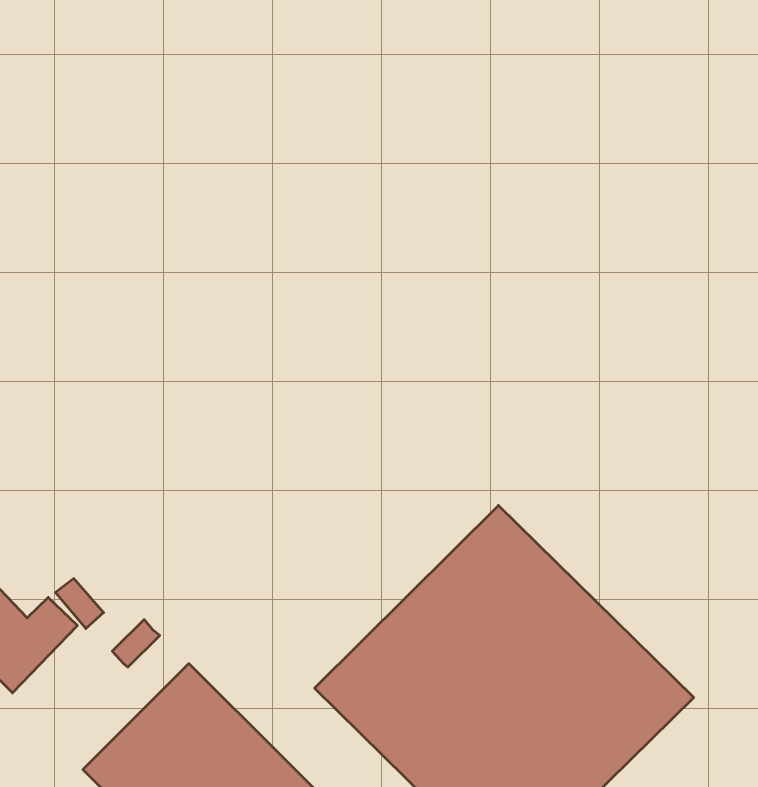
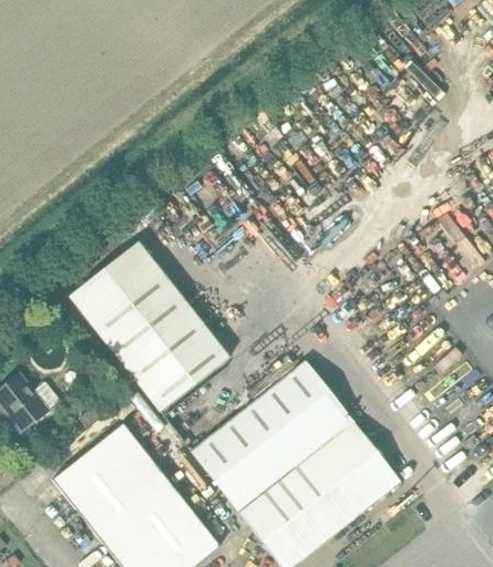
building: none -> [69,241,229,412]

